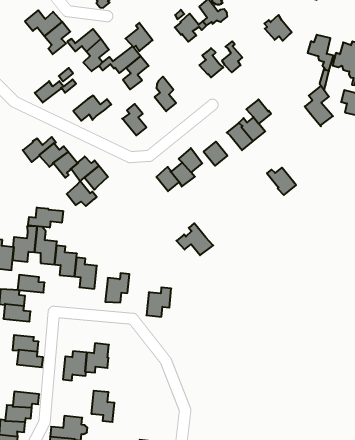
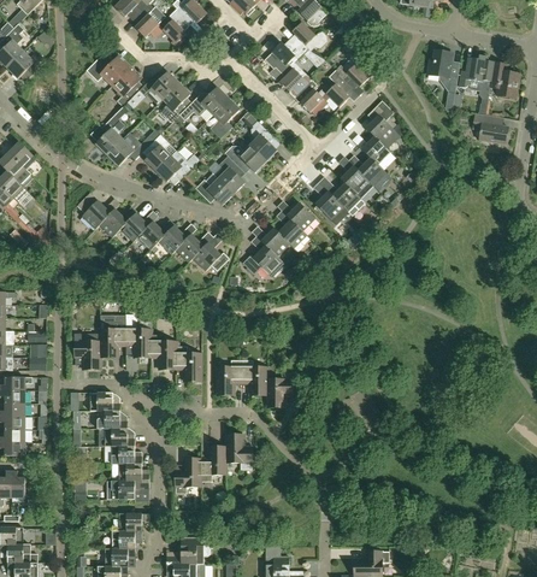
building: [264,15,292,41] -> [335,57,368,87]
building: [125,23,153,51] -> [278,60,311,94]
building: none -> [95,114,124,154]
building: none -> [143,134,176,171]
building: [305,86,333,126] -> [365,100,400,148]
building: none -> [224,145,265,172]
building: none -> [194,172,232,204]
building: none -> [76,192,110,229]
building: [267,168,296,195] -> [327,182,364,214]
building: [67,181,97,206] -> [193,241,229,270]
building: [28,207,63,228] -> none
building: [176,223,213,255] -> [242,240,287,277]
building: none -> [241,359,267,394]
building: [18,275,45,293] -> [104,428,135,446]
building: none -> [111,481,148,499]
building: [91,391,115,422] -> [225,434,252,469]

